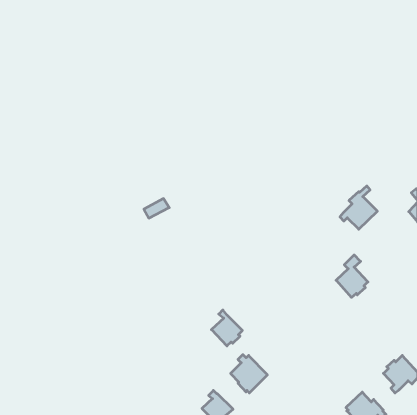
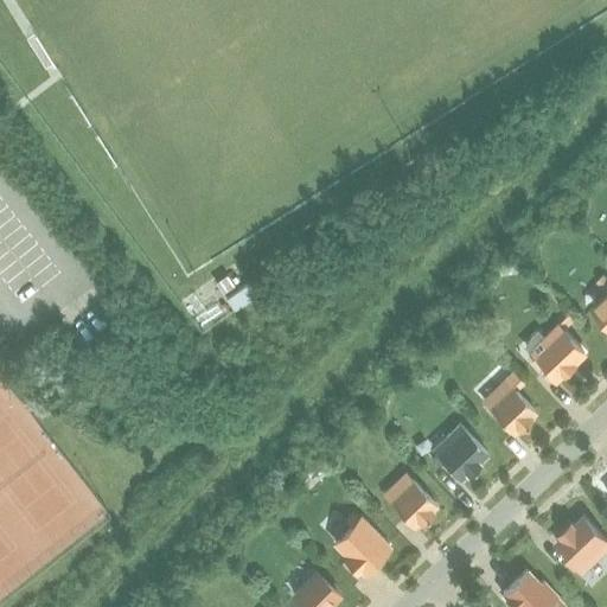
building: [340,186,377,229] -> [531,319,586,382]
building: none -> [432,426,487,481]
building: [211,310,242,346] -> [390,477,435,529]

